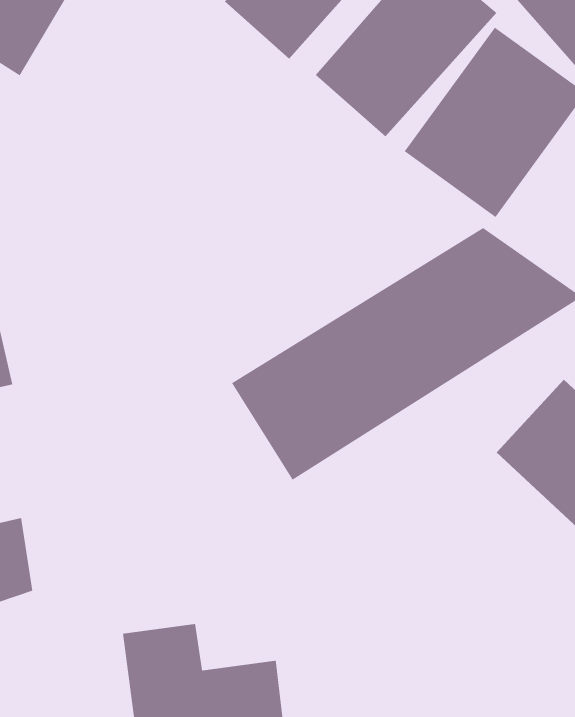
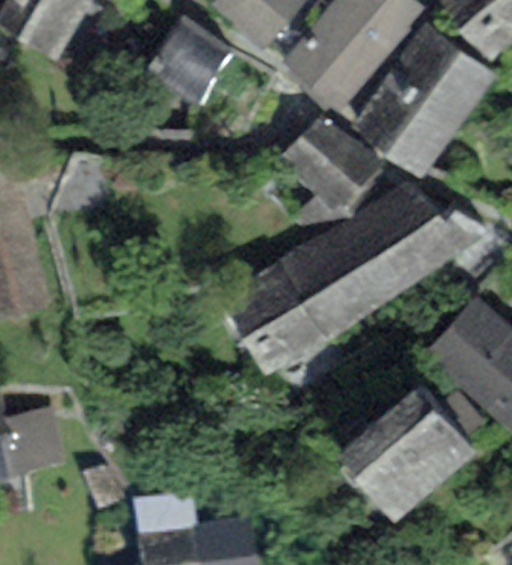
building: none -> [146,13,237,104]
building: none -> [279,116,385,217]
building: none -> [337,387,478,526]

